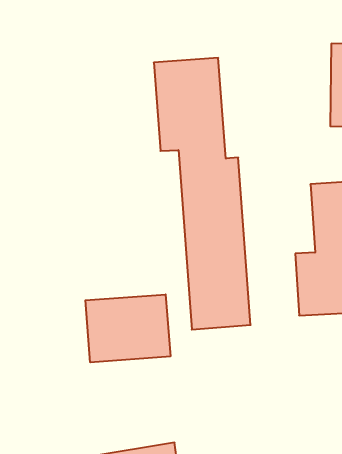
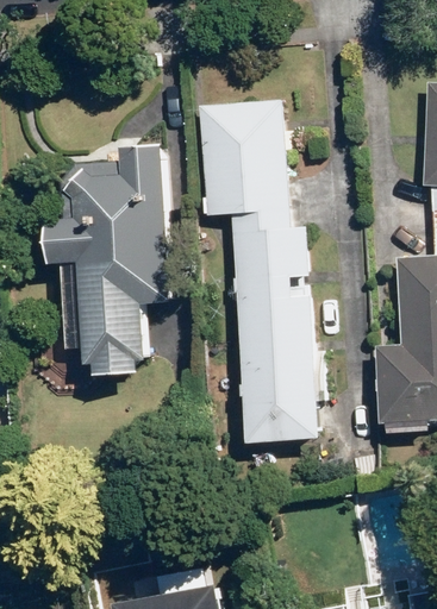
building: none -> [52,146,175,376]
building: [85,294,170,362] -> none

